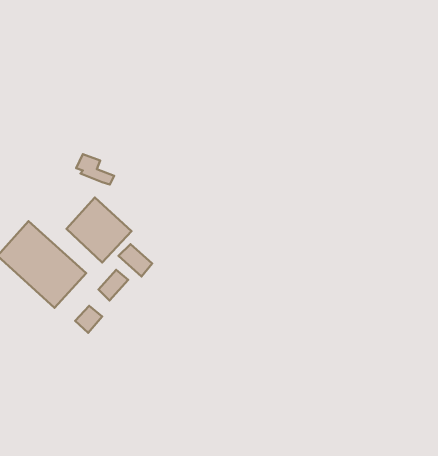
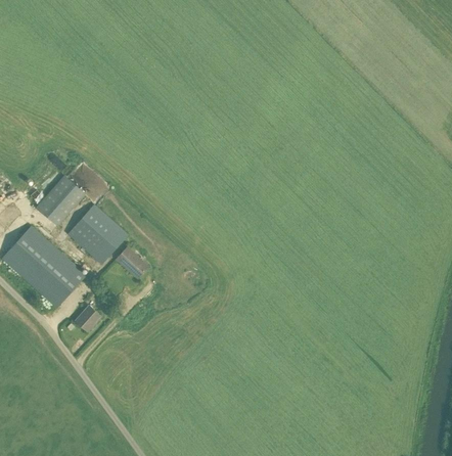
building: none -> [36,175,86,226]
building: [98,270,128,300] -> none

